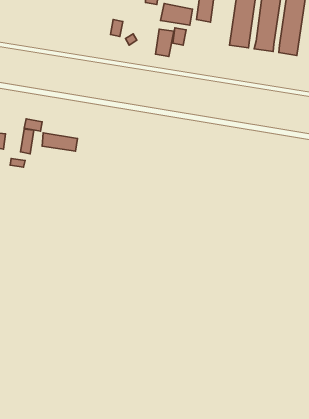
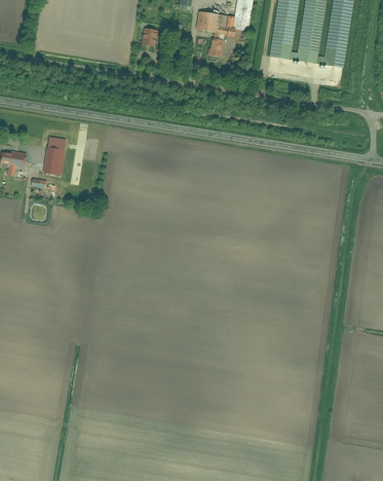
building: [155,29,174,56] -> none
building: [42,133,77,151] -> none

